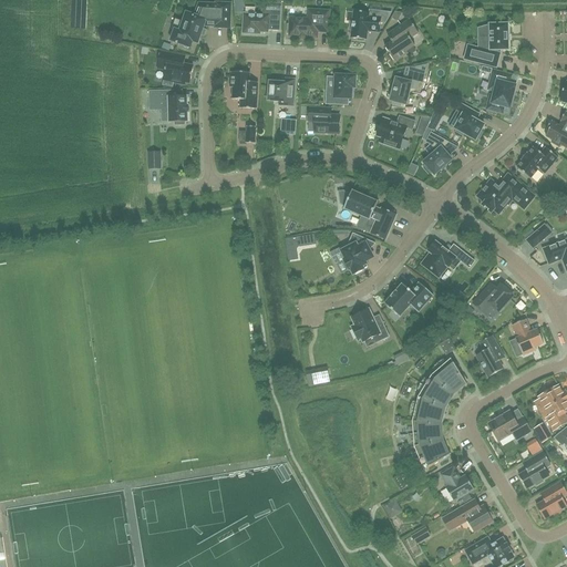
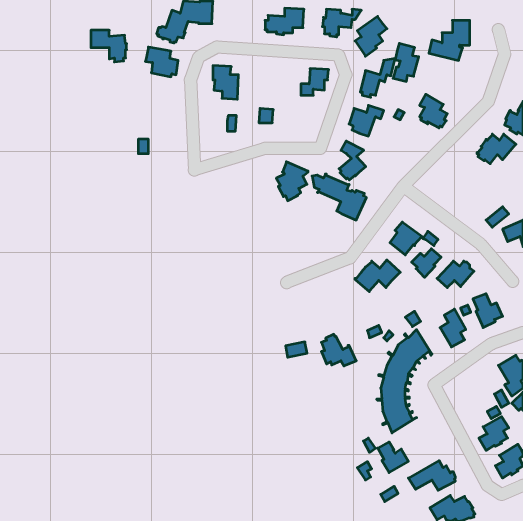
building: [243,4,281,33] -> none
building: [487,70,515,111] -> [393,43,419,81]
building: [268,78,295,104] -> none
building: [150,90,188,124] -> [91,30,127,62]
building: [309,106,340,132] -> none
building: [423,131,452,173] -> [339,141,366,180]
building: [478,174,534,212] -> none
building: [341,231,375,274] -> [276,162,308,201]
building: none -> [412,249,441,277]
building: [352,307,390,341] -> [321,334,356,366]
building: [488,410,530,440] -> none
building: [441,466,474,499] -> [378,442,408,473]

